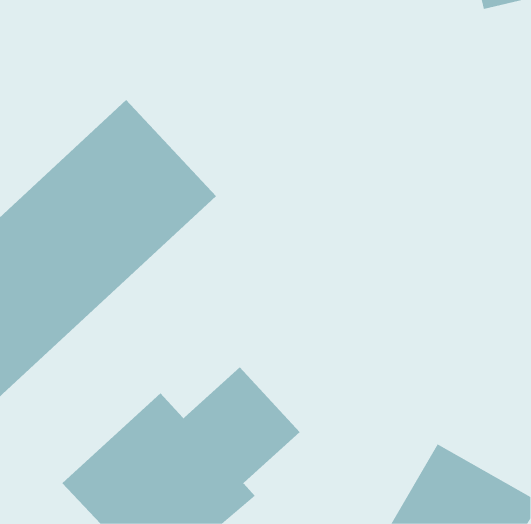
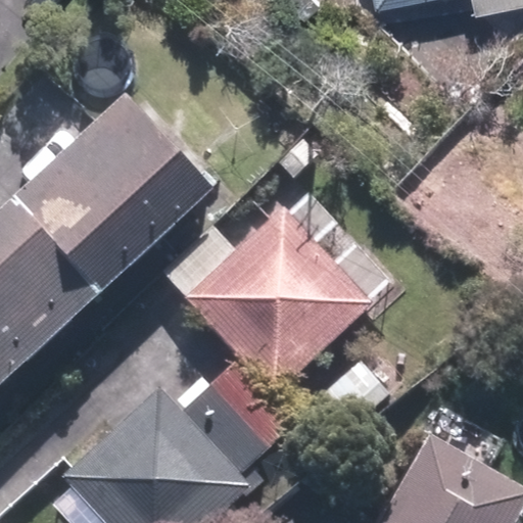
building: none -> [184,206,372,394]

